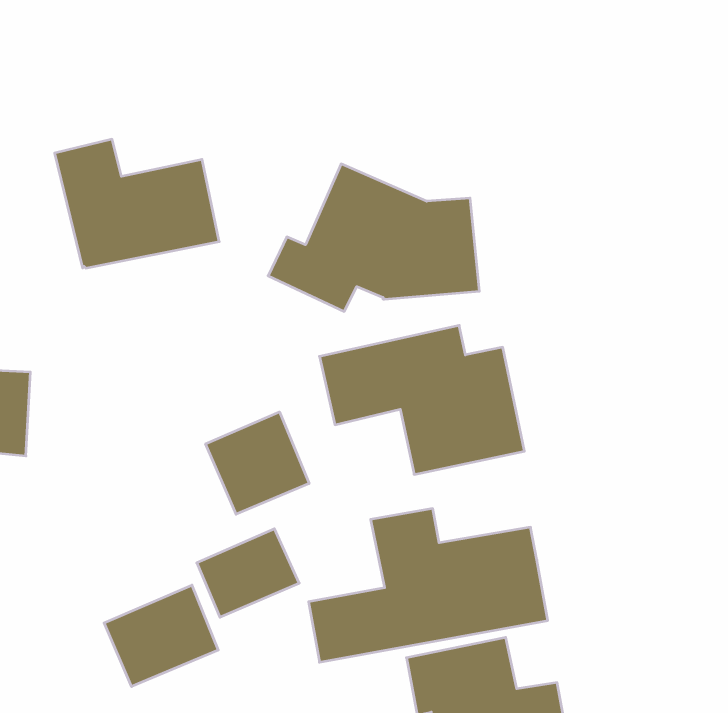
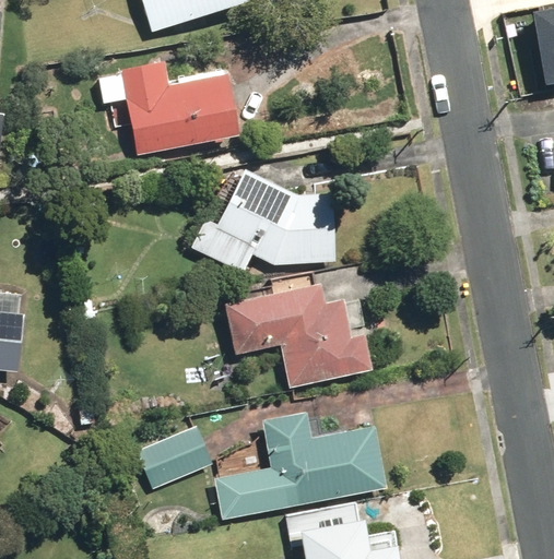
building: [55,139,219,268] -> [120,62,236,153]
building: [206,412,309,514] -> none
building: [104,585,218,687] -> none

